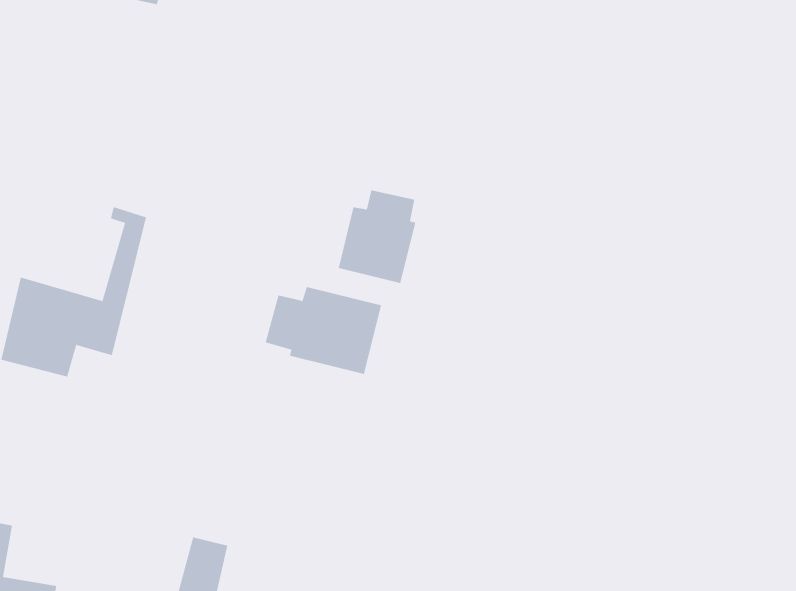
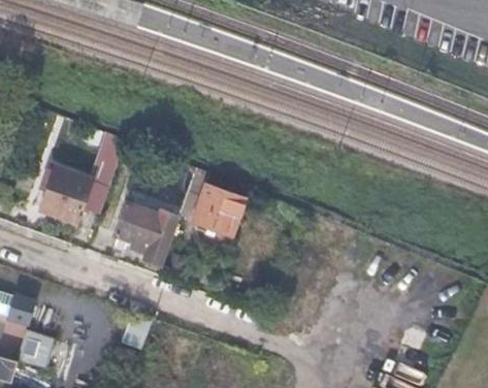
building: [338,190,416,284] -> none
building: none -> [111,197,176,266]

